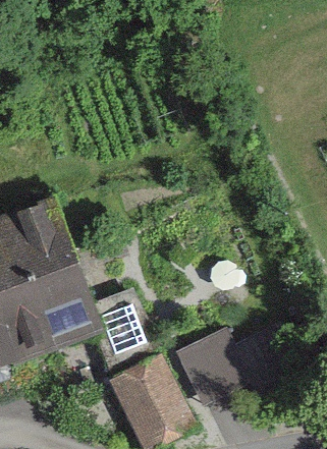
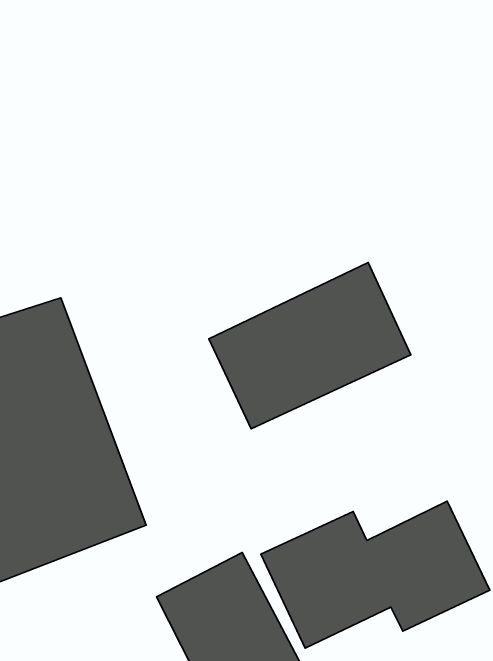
building: none -> [209,262,411,429]

